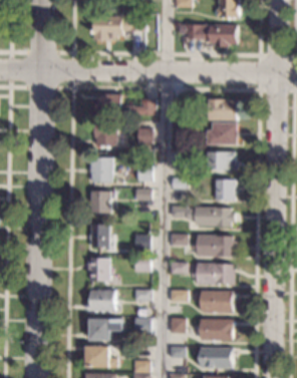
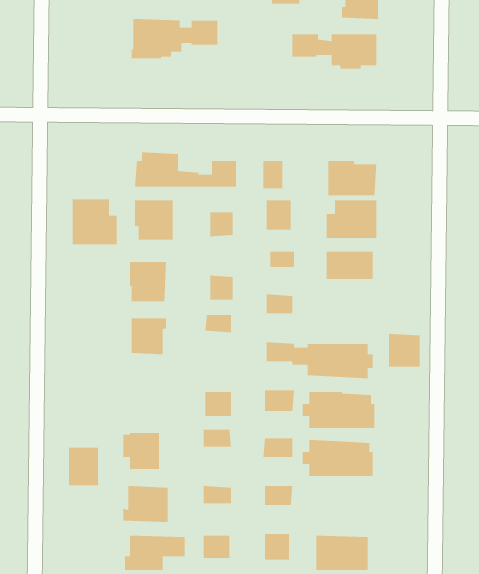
building: none -> [72,198,118,245]
building: [215,178,234,199] -> [388,333,421,367]
building: [90,225,108,248] -> [68,447,99,486]
building: [200,290,236,312] -> none

